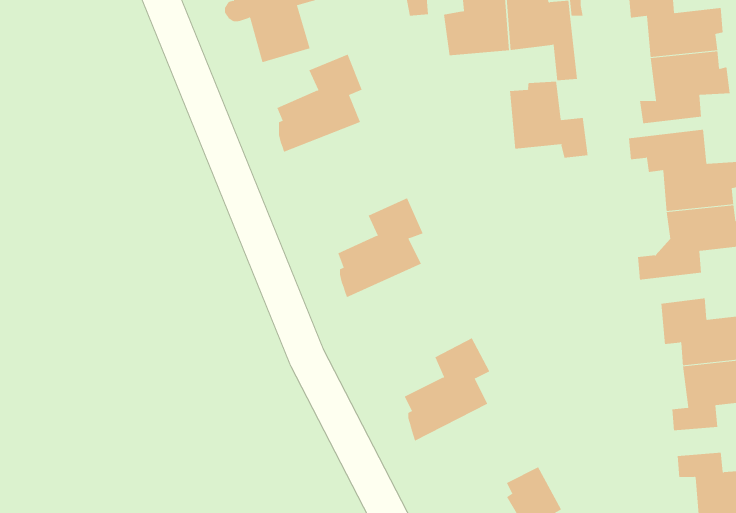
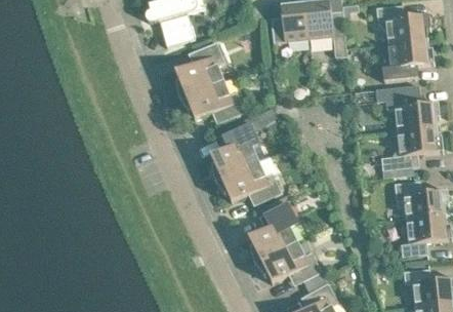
building: [509,81,588,158] -> none
building: none -> [178,80,244,121]
building: none -> [214,161,281,203]
building: none -> [253,241,324,286]

